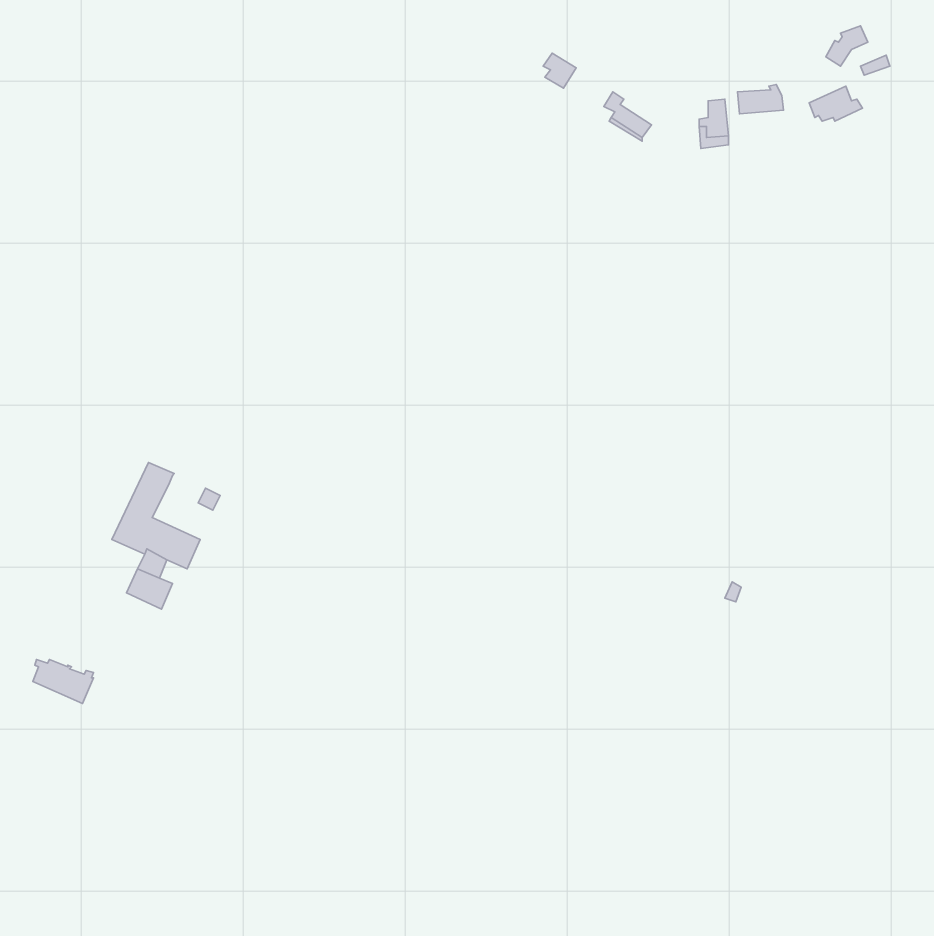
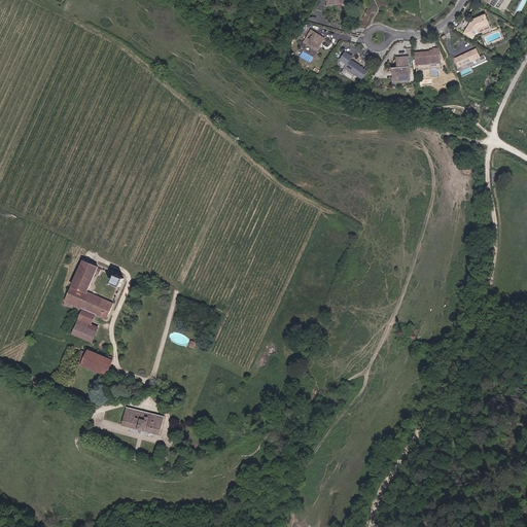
building: [33,660,93,704] -> [77,350,111,375]
building: none -> [120,406,163,433]

